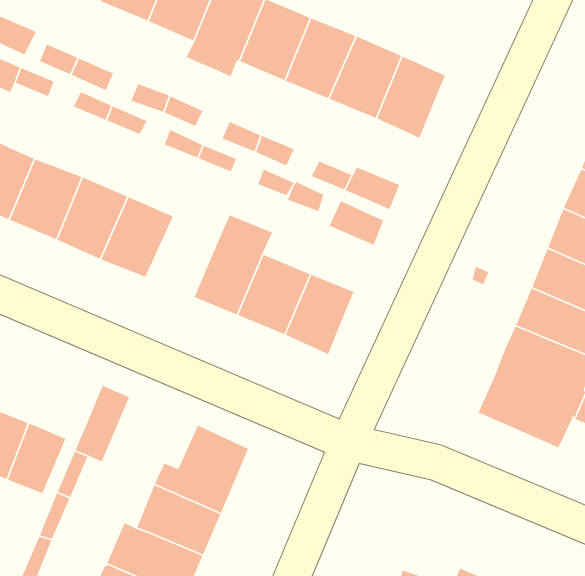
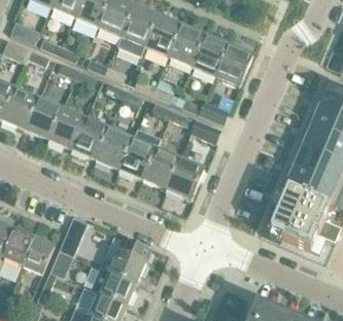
building: none -> [96,127,134,169]

